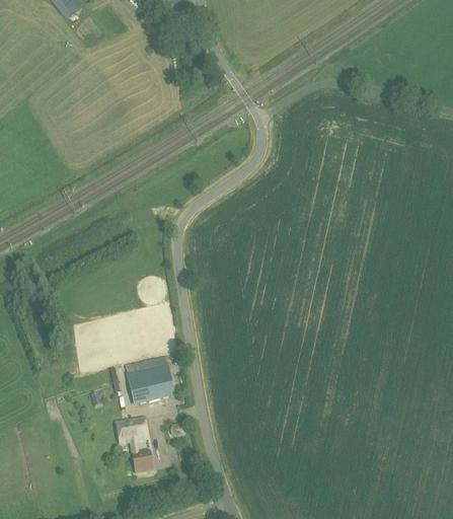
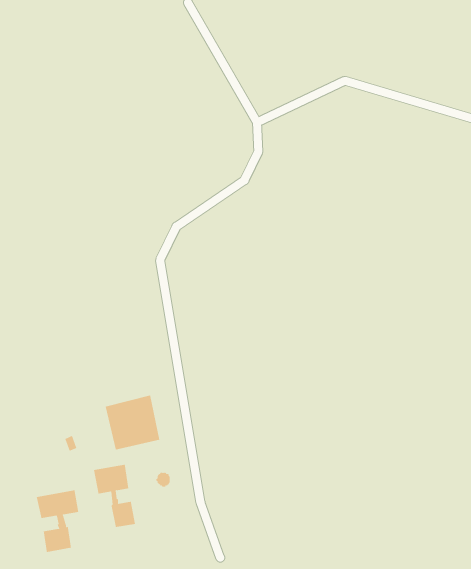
building: none -> [36,490,79,553]

